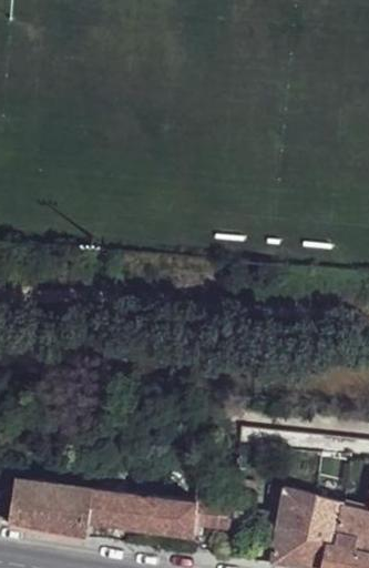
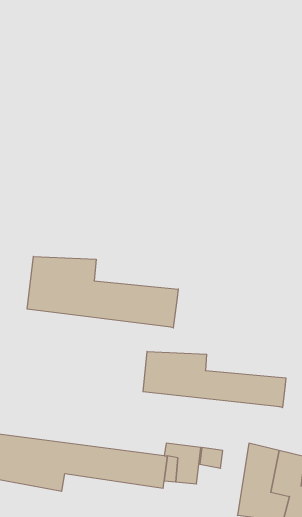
building: none -> [27,256,178,328]
building: none -> [143,351,286,408]

